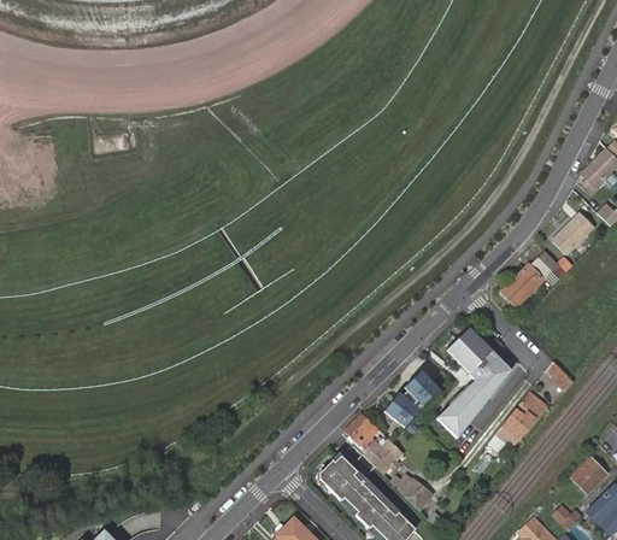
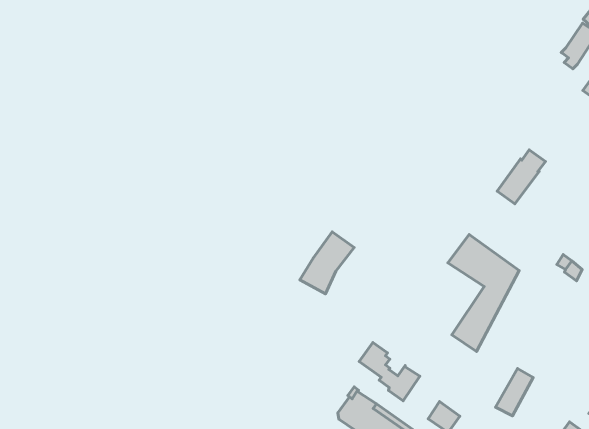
building: [553,215,593,256] -> none
building: [383,371,439,428] -> [300,232,354,294]
building: [501,393,541,436] -> [495,368,533,416]

